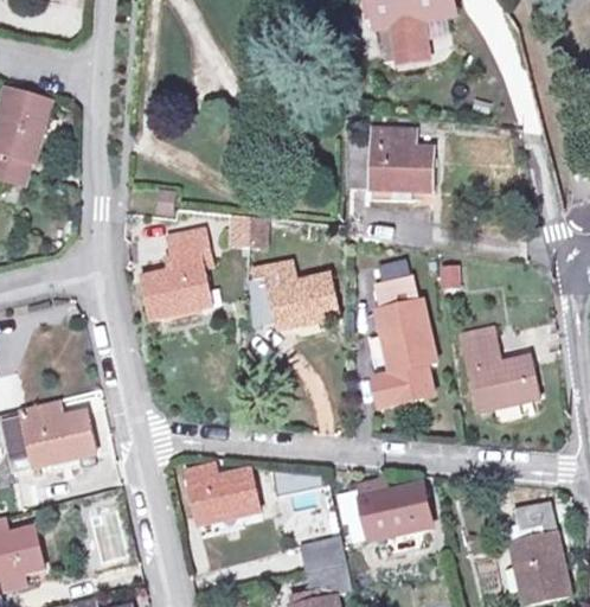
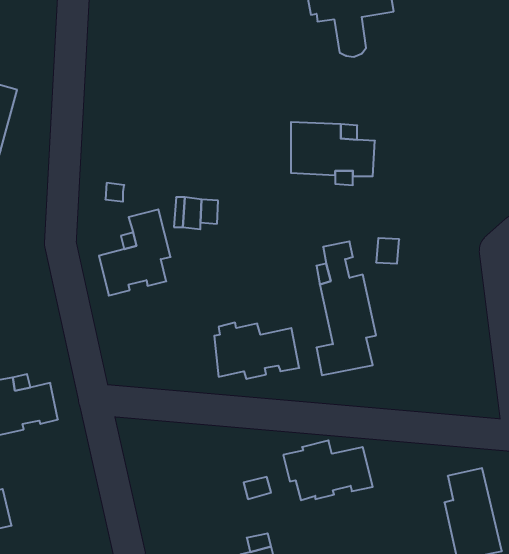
building: [248,268,339,328] -> [214,323,299,379]
building: [460,322,539,409] -> none
building: [186,462,262,526] -> none
building: [301,535,347,571] -> none

